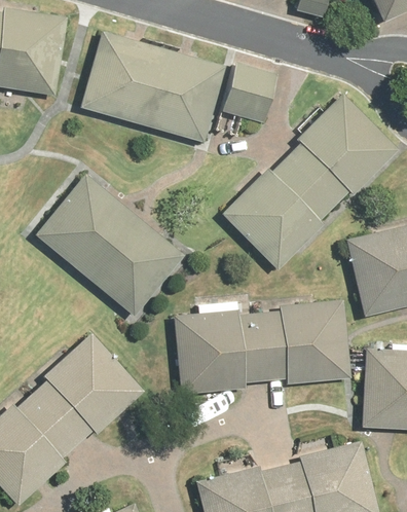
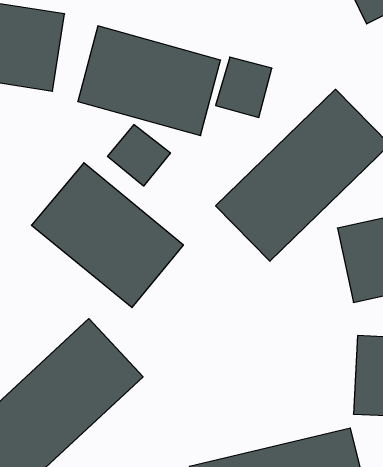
building: none -> [108,125,170,186]
building: [174,301,349,394] -> none

